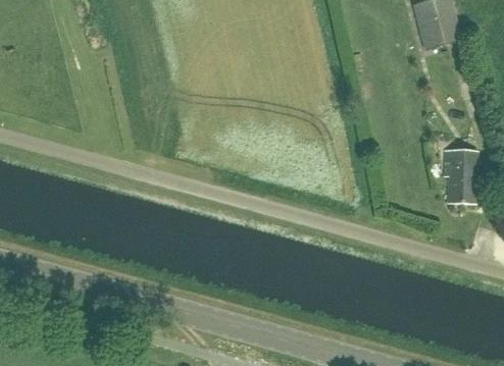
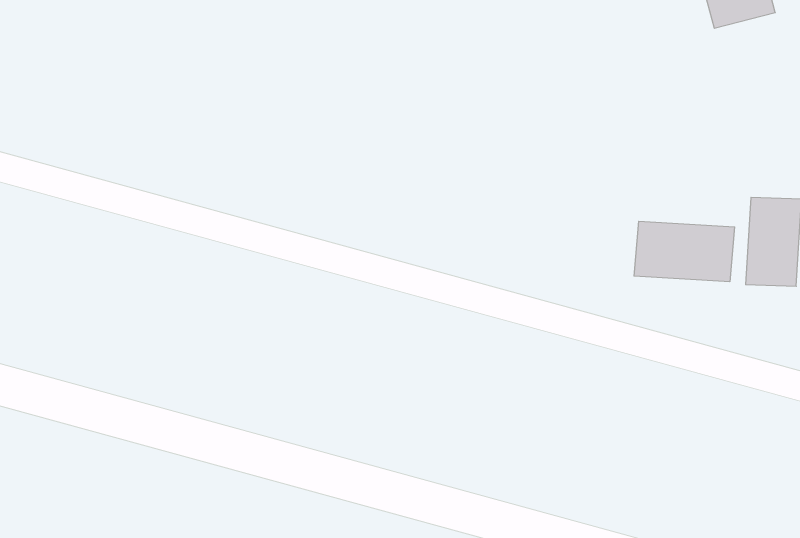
building: none -> [634,221,735,282]

